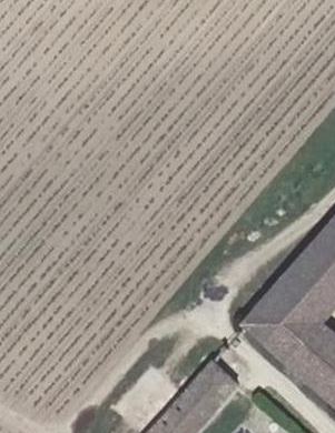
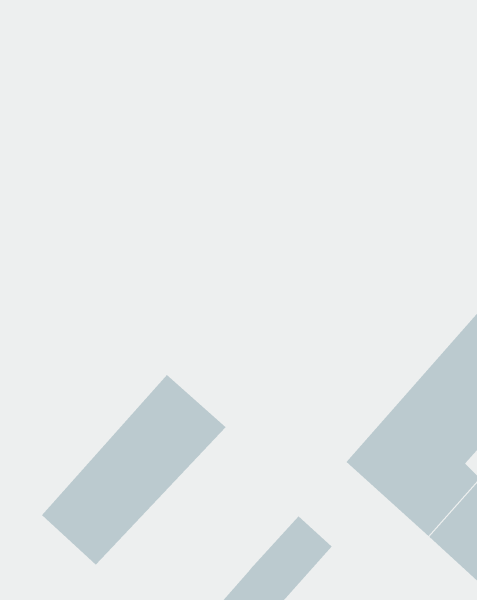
building: none -> [41,374,226,566]

